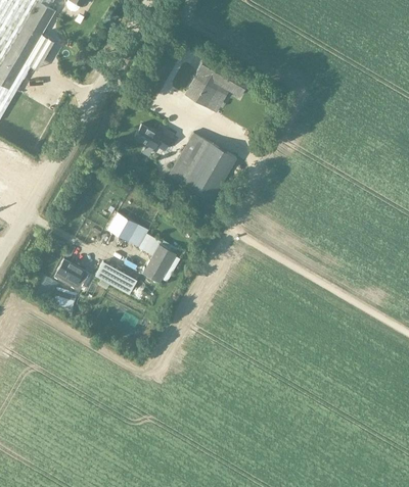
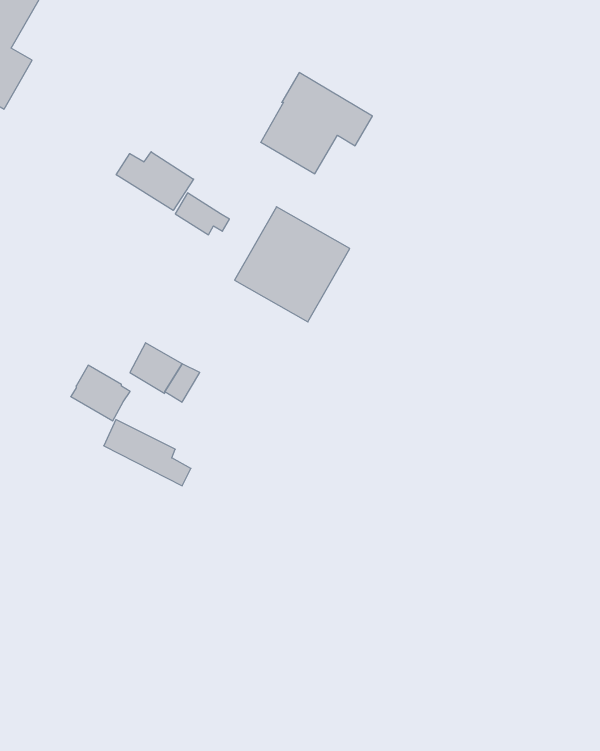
building: none -> [116,152,194,210]
building: [142,243,180,282] -> none
building: [53,258,88,291] -> [71,365,130,421]

